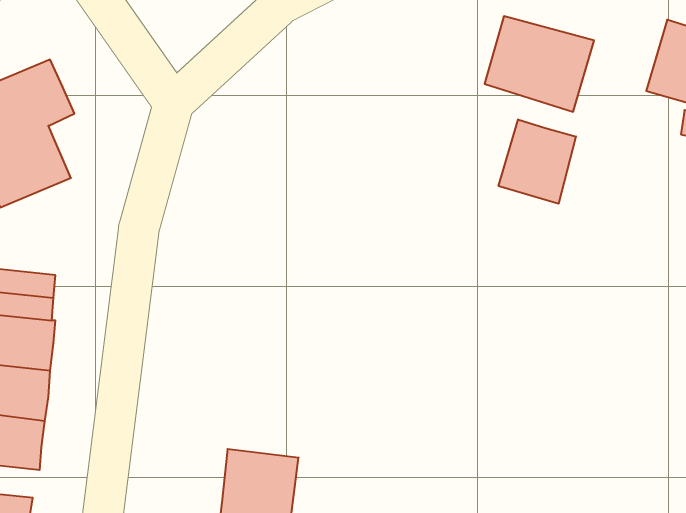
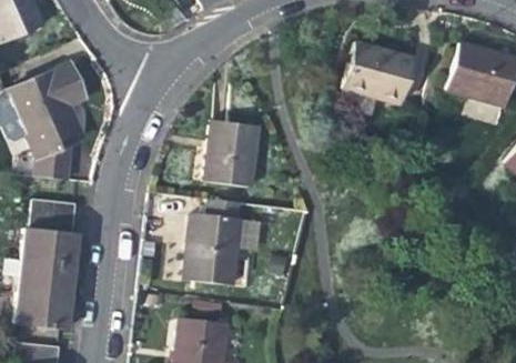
building: [499,119,576,204] -> none
building: none -> [206,118,259,184]
building: none -> [186,198,243,283]

